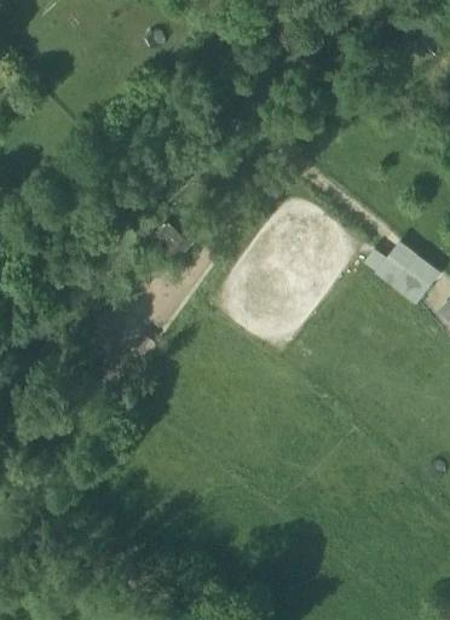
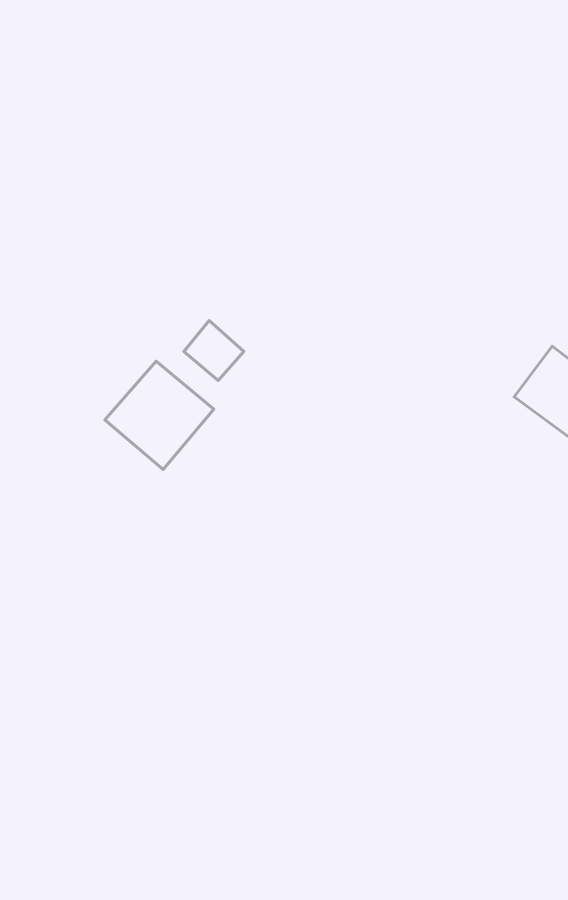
building: none -> [105,361,214,470]

